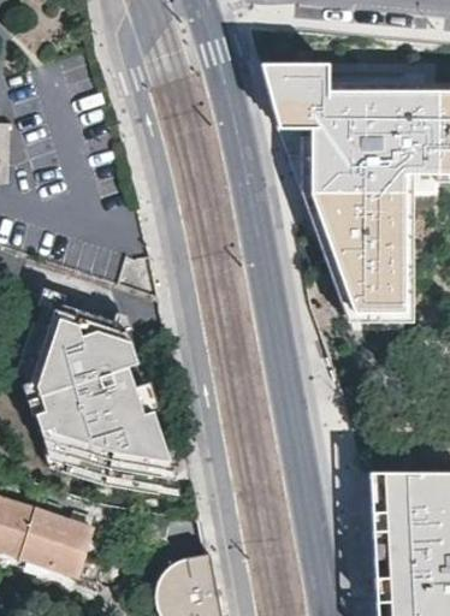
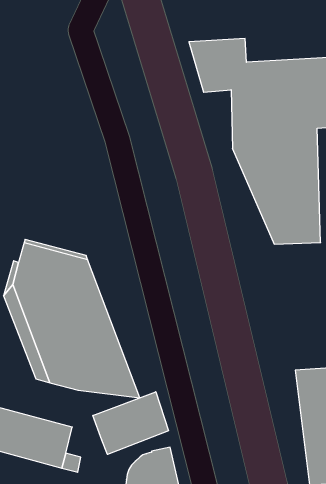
building: none -> [93,392,169,454]

